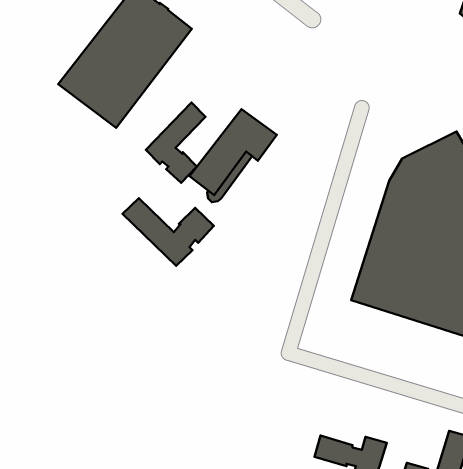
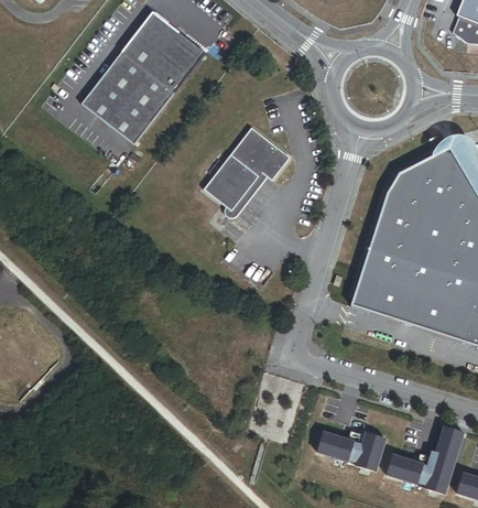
building: [146,103,206,183] -> none
building: [123,198,214,266] -> none

